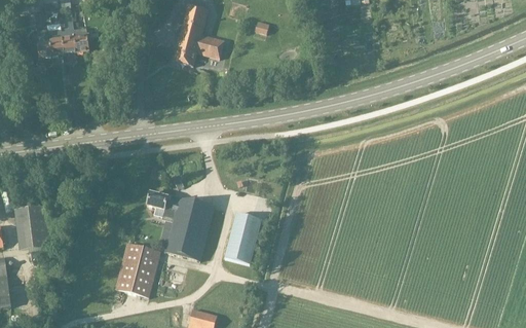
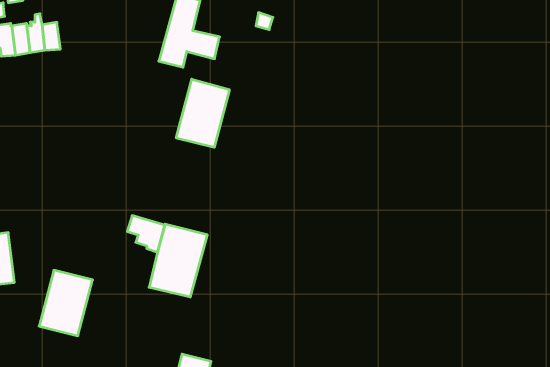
building: none -> [176,79,229,147]
building: [224,213,261,264] -> none
building: [115,243,160,298] -> [39,270,93,336]

